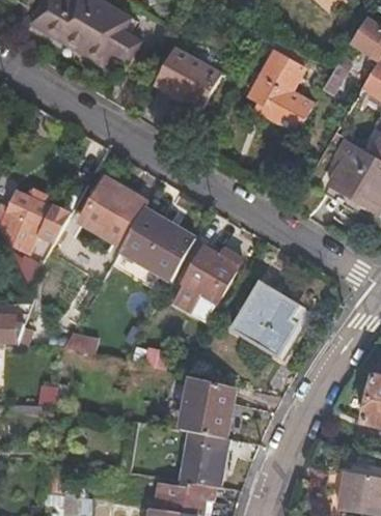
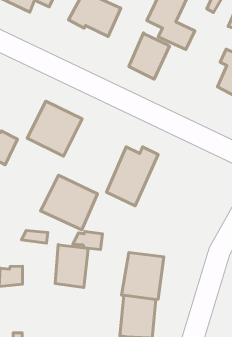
building: none -> [129,33,170,79]
building: [123,211,196,283] -> [41,175,97,230]
building: [227,284,300,355] -> none
building: none -> [55,245,88,287]

